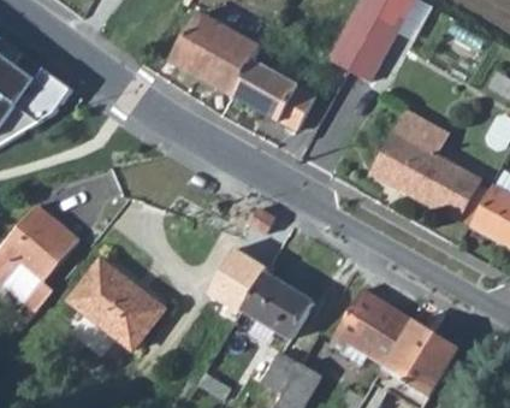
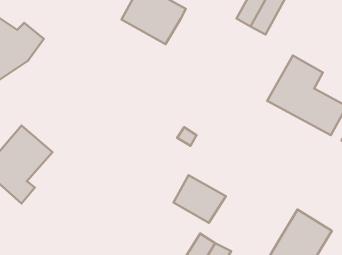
building: [232,59,315,130] -> none
building: [207,248,266,309] -> none
building: [69,259,162,348] -> none
building: [328,288,411,365] -> none

